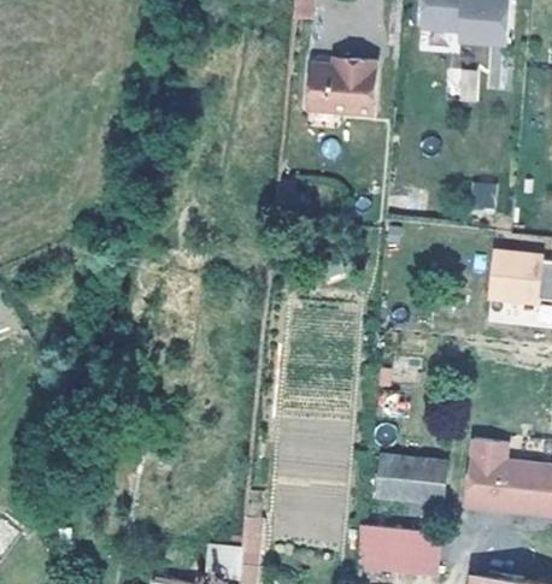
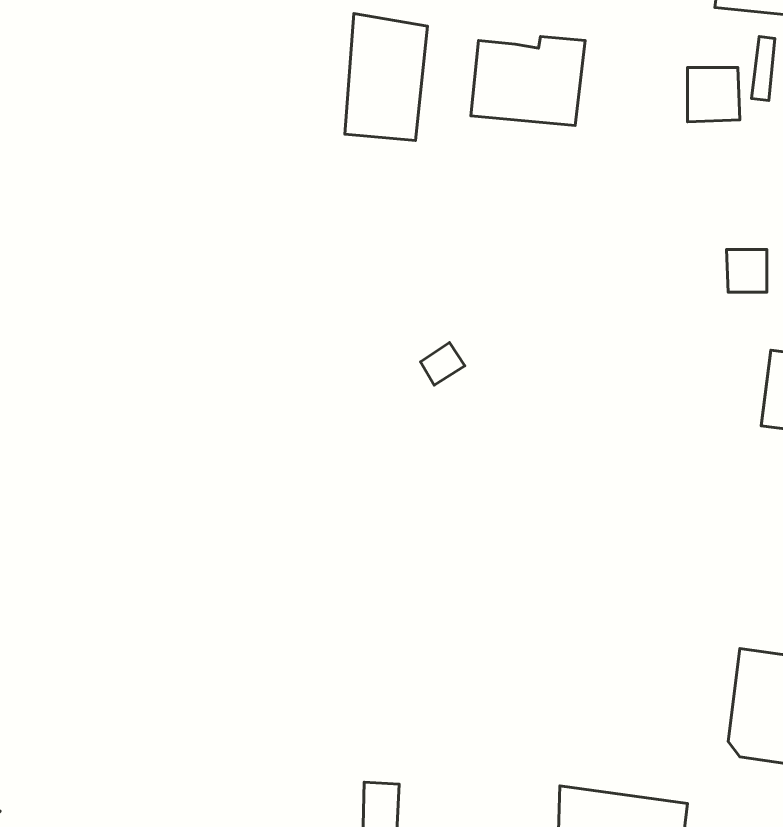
building: none -> [345,13,427,141]
building: [378,455,447,502] -> none

